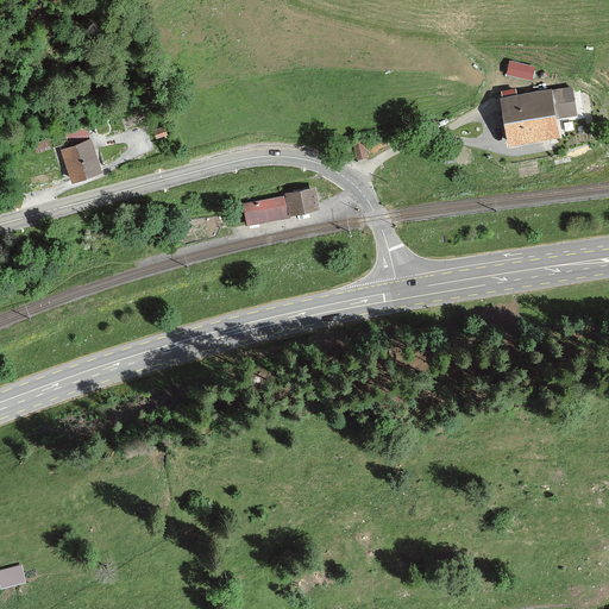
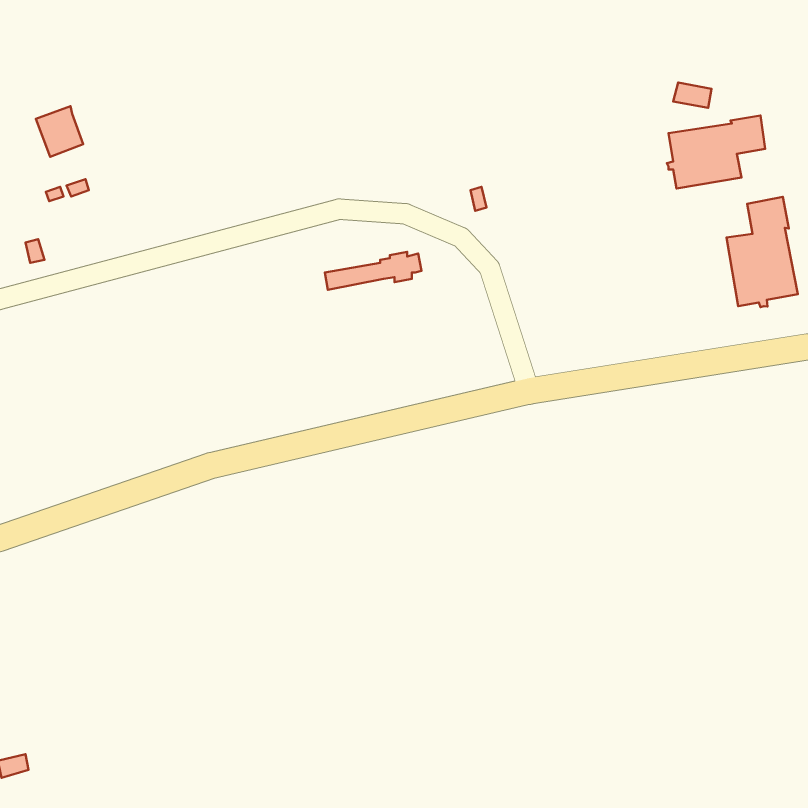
building: [62,142,98,180] -> [36,106,83,157]
building: none -> [727,197,798,307]

